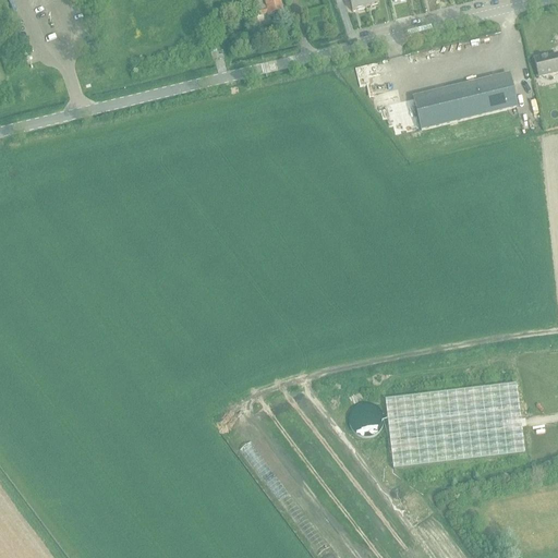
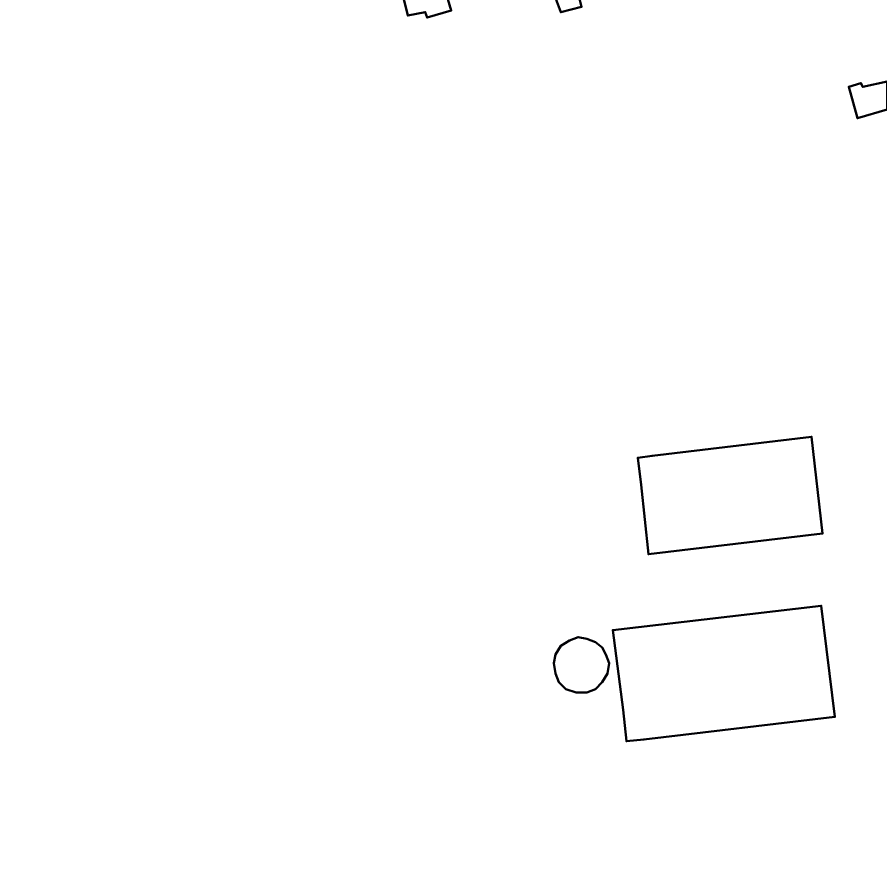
building: [413,72,517,126] -> none
building: none -> [638,437,822,554]

